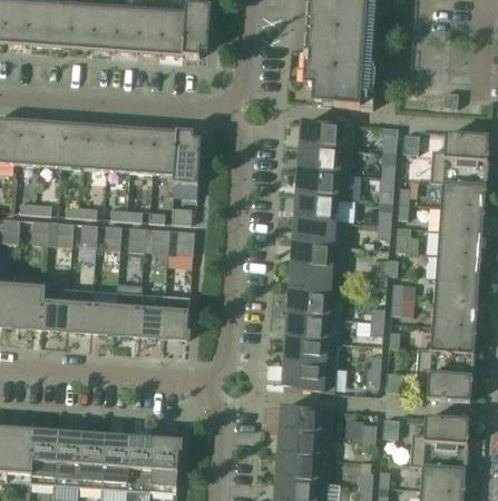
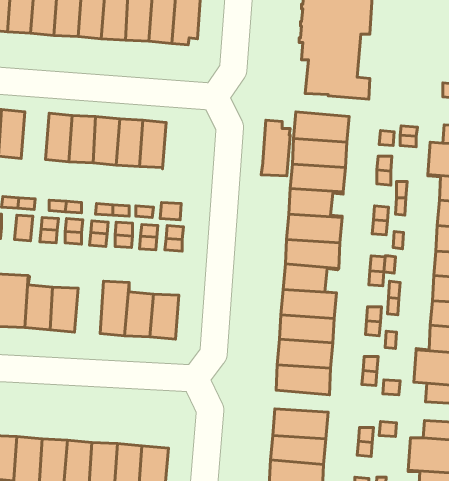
building: [38,120,65,166] -> none
building: [173,130,201,184] -> [261,120,290,176]
building: [89,282,117,333] -> none

